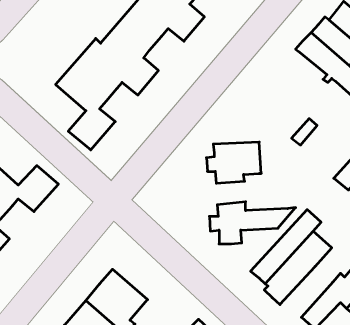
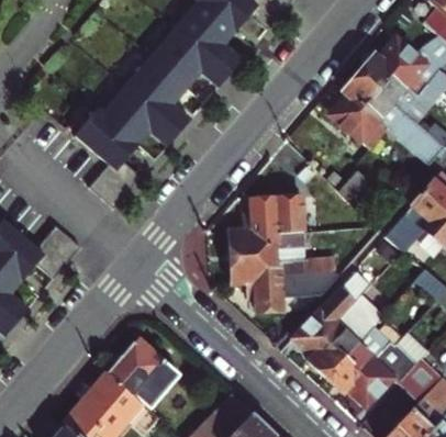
building: none -> [331,96,387,147]
building: none -> [228,229,333,281]
building: none -> [324,336,383,395]

